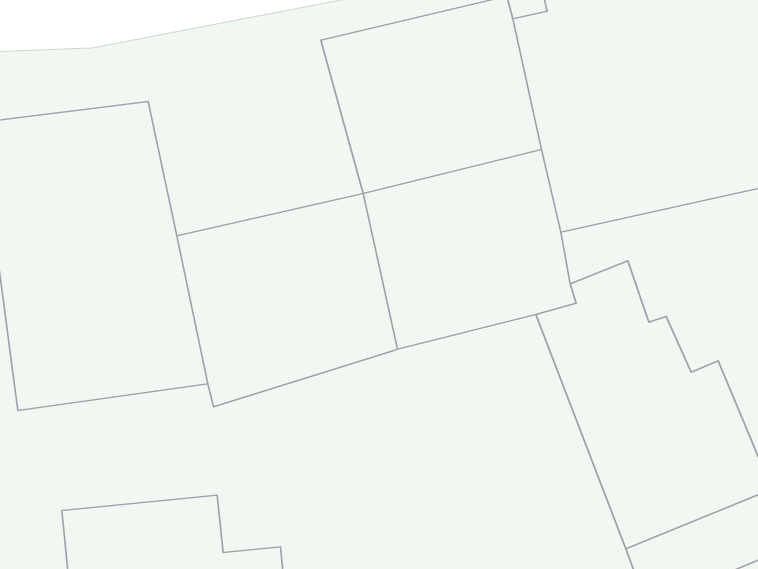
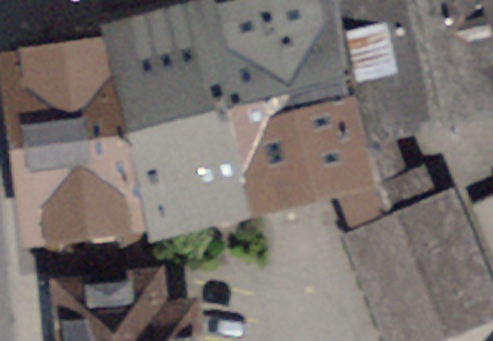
building: none -> [114,26,241,139]

